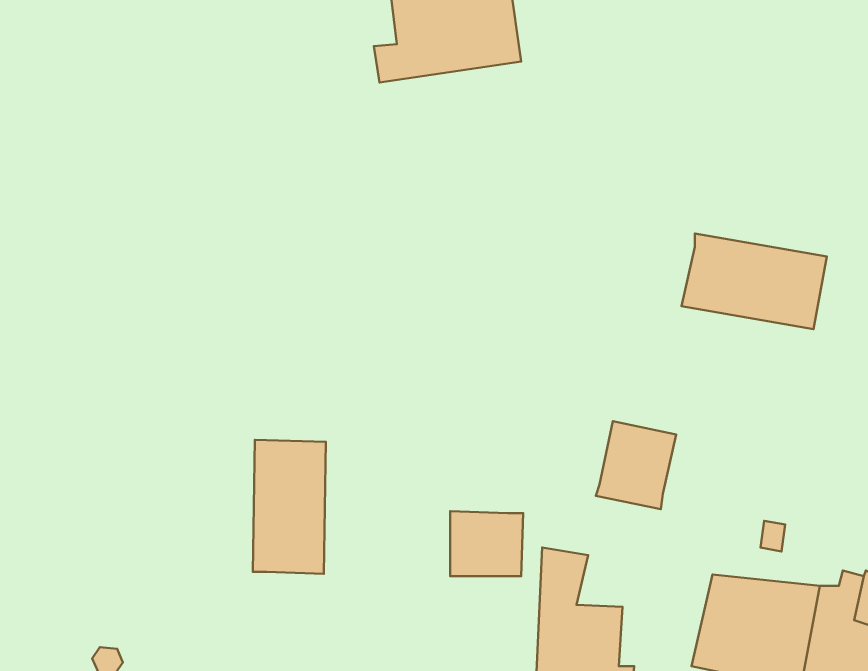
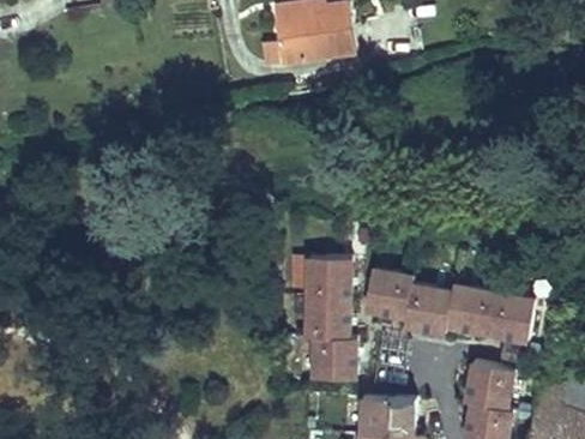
building: [681,233,827,329] -> [444,282,535,342]
building: none -> [363,266,414,321]
building: [253,440,326,574] -> [302,255,348,339]

